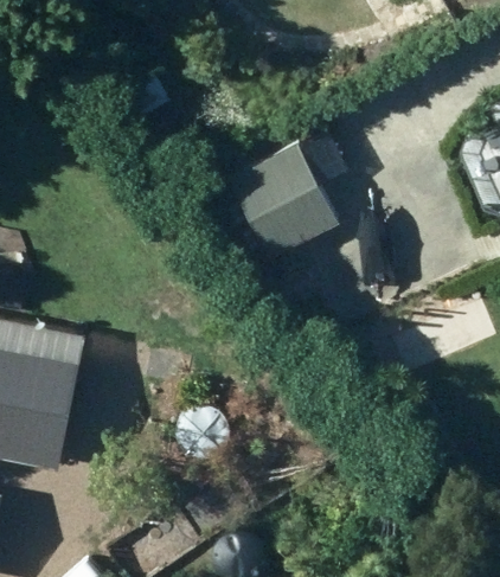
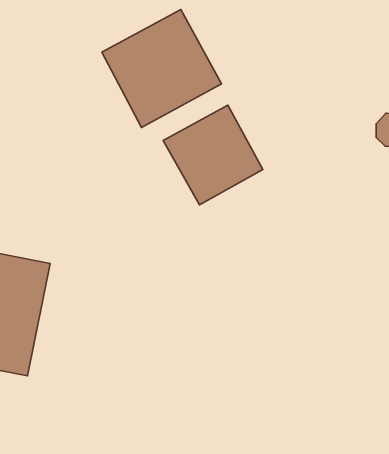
building: none -> [102,10,221,127]

